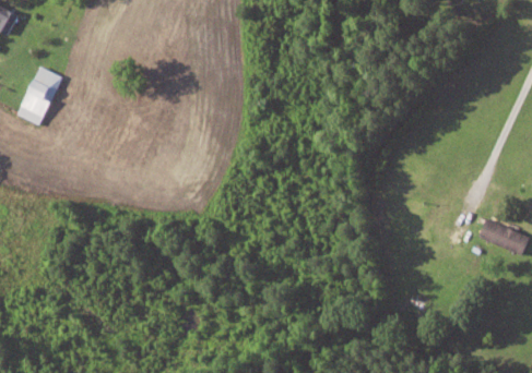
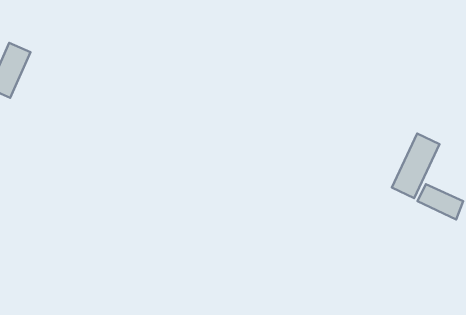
building: none -> [392,133,439,198]

